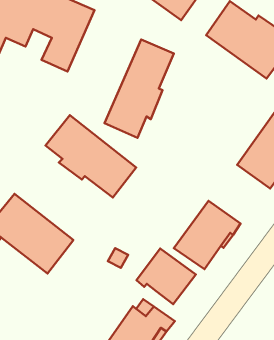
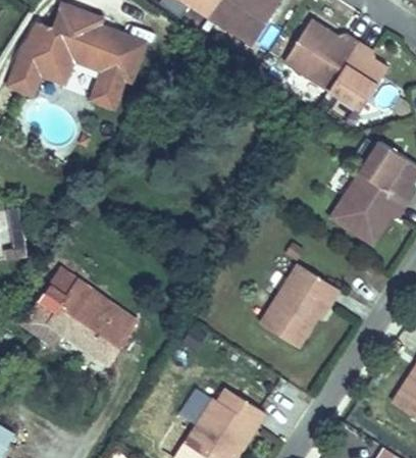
building: [105,40,174,138] -> none
building: [46,115,136,198] -> none
building: [136,249,196,304] -> none

